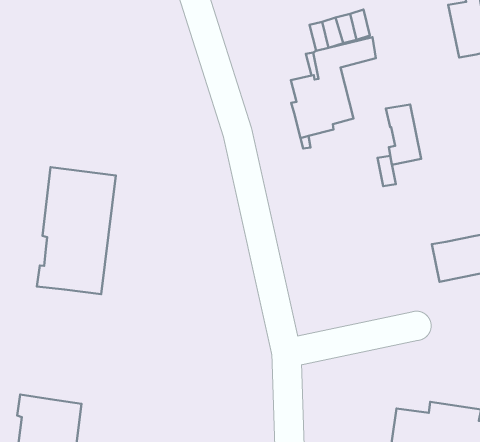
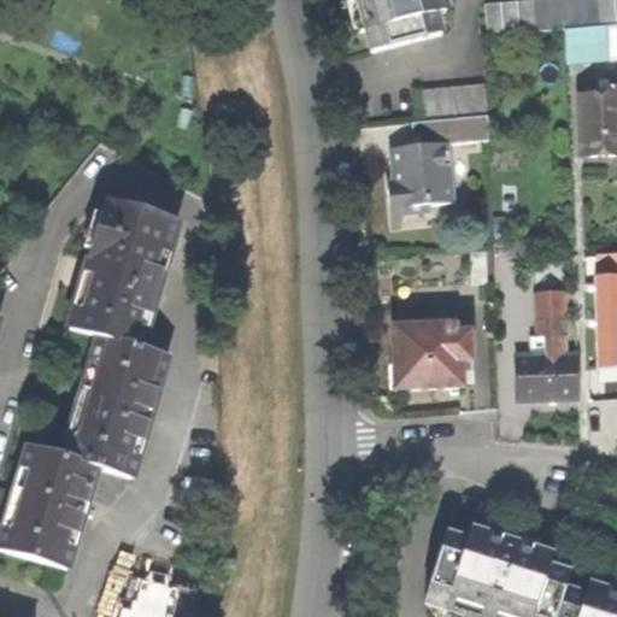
building: [386,104,421,165] -> [533,290,566,354]
building: none -> [390,322,474,393]
building: none -> [64,336,169,477]

